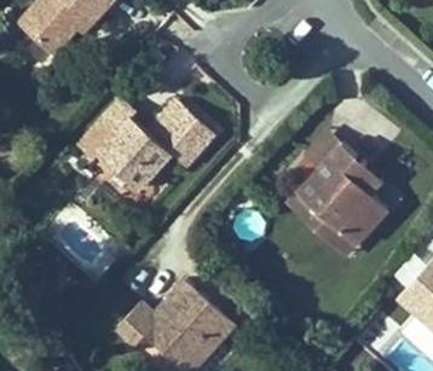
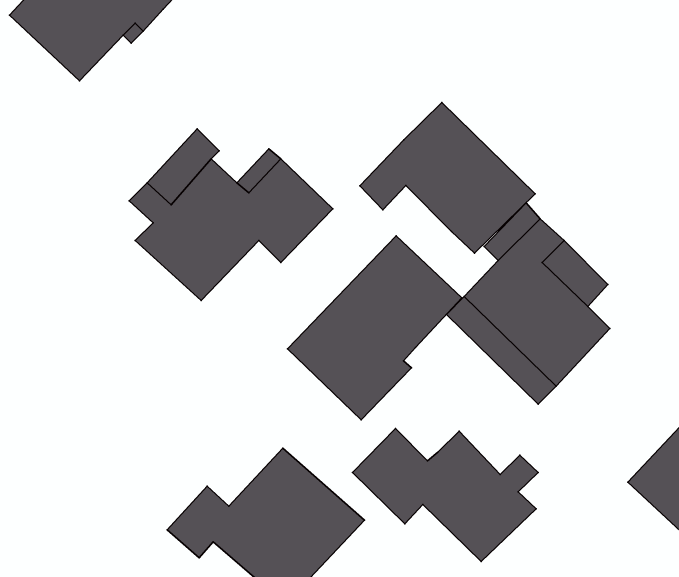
building: none -> [360,102,535,253]
building: none -> [287,236,462,420]
building: none -> [352,429,538,561]

